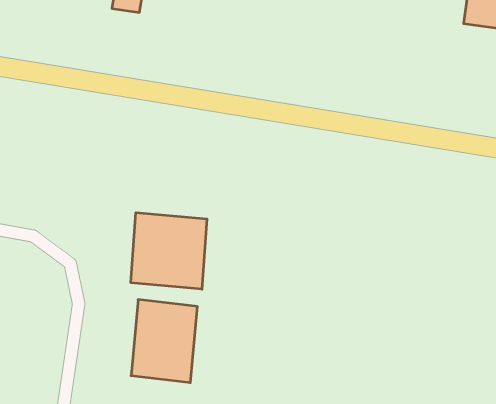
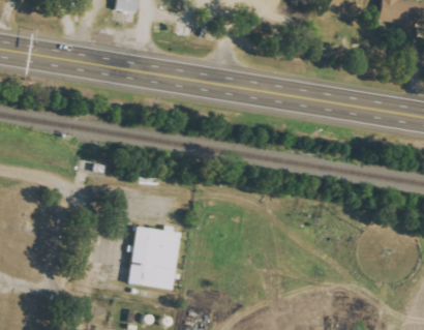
building: [131,213,207,289] -> none

